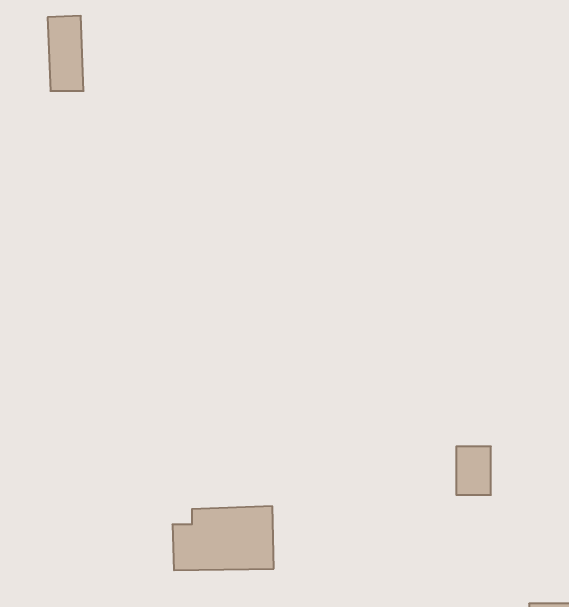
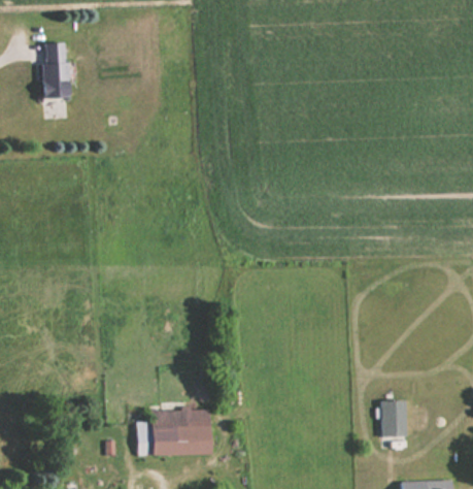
building: [456,446,491,495] -> [379,400,405,436]

